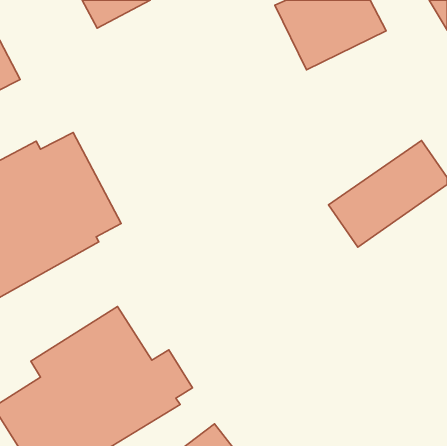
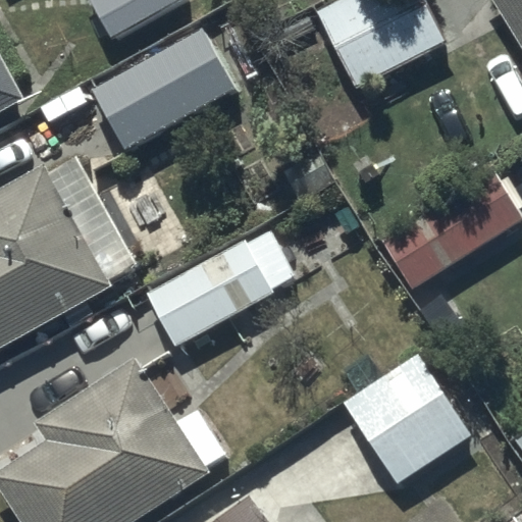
building: none -> [91,31,231,146]
building: none -> [148,234,292,349]
building: none -> [340,355,471,485]

